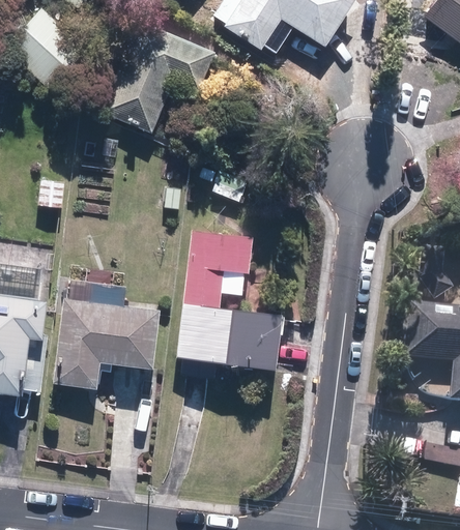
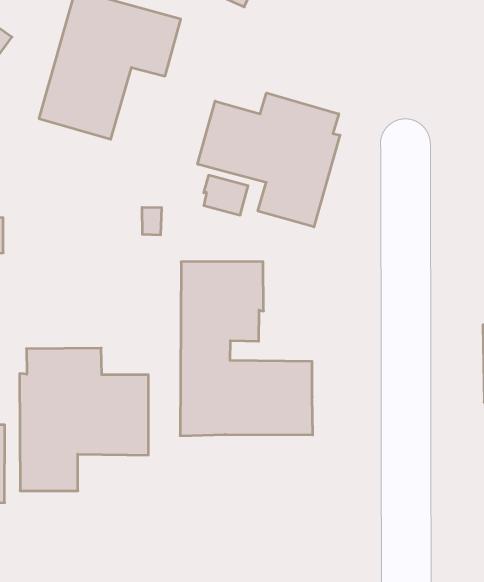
building: none -> [198,93,340,227]

